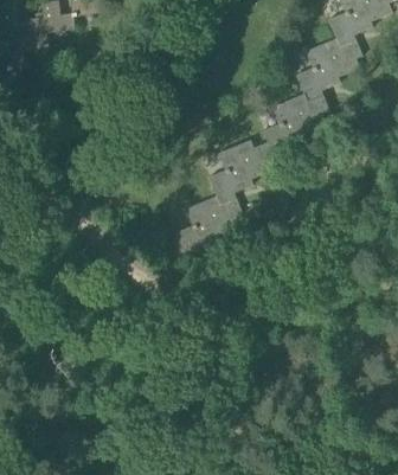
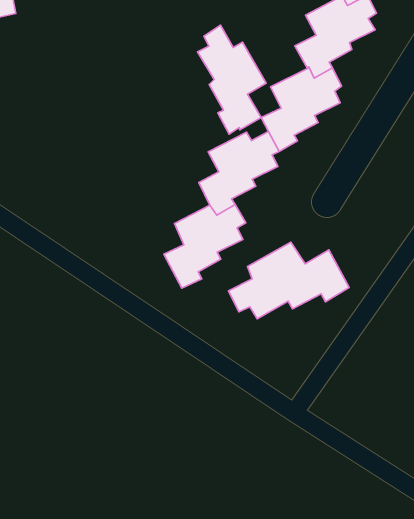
building: none -> [197,25,266,134]
building: none -> [228,242,349,319]

